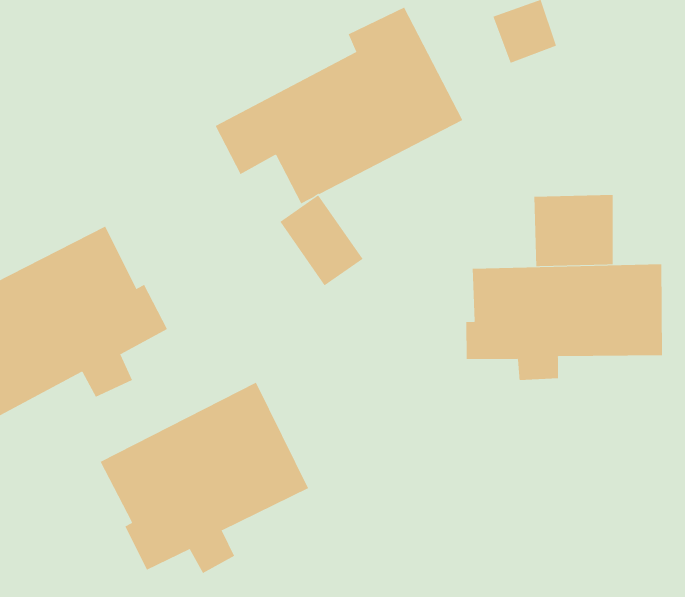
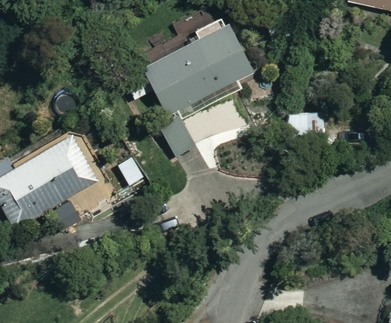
building: [466,264,662,381] -> none
building: [100,382,309,574] -> none

